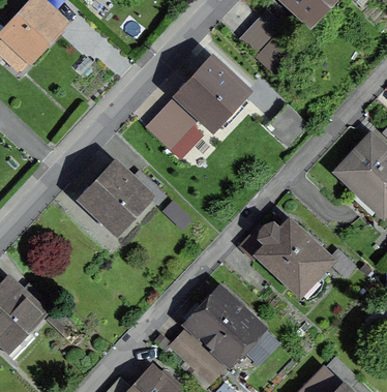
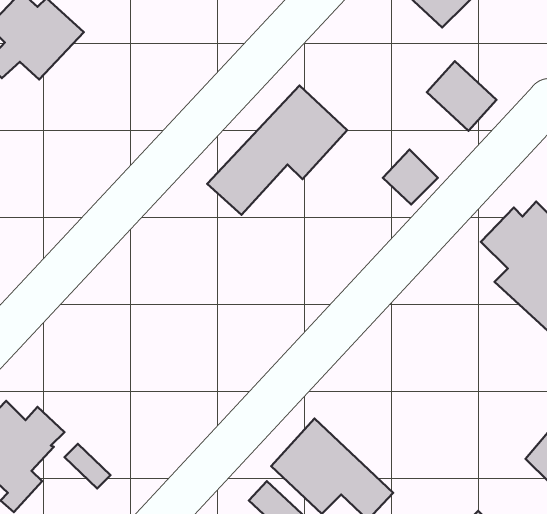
building: [239,17,288,65] -> [427,61,497,131]
building: [83,164,154,229] -> none
building: [239,223,330,298] -> none

